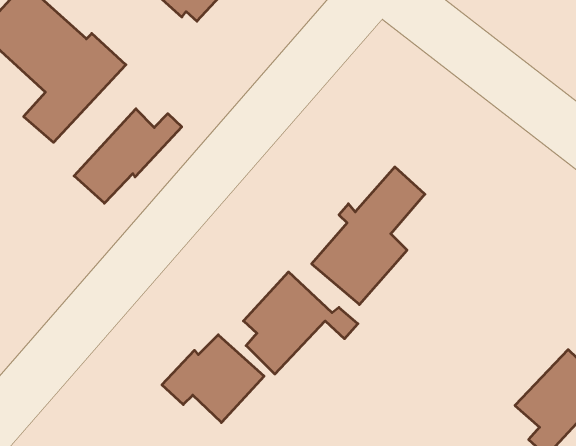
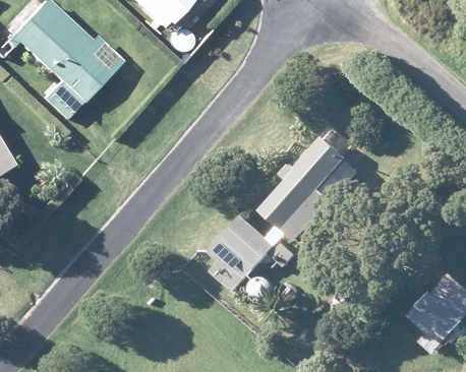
building: [74,109,182,203] -> none
building: [162,335,264,423] -> none

